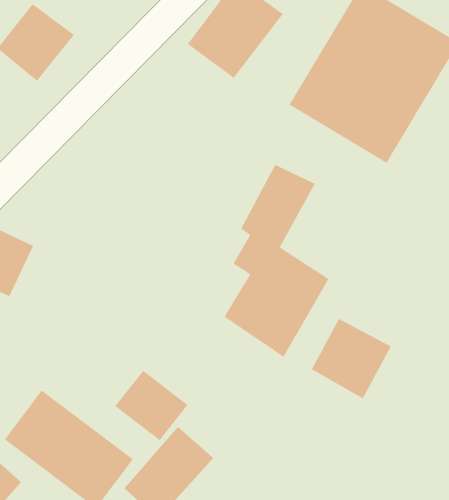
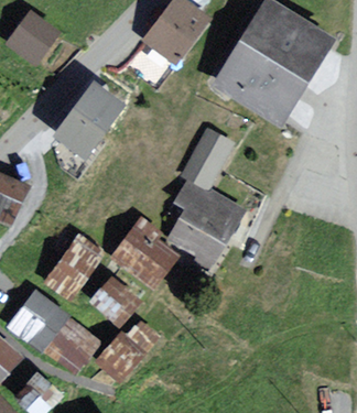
building: none -> [55,81,126,159]
building: none -> [111,222,177,287]
building: none -> [42,231,107,302]
building: [311,318,392,399] -> none

